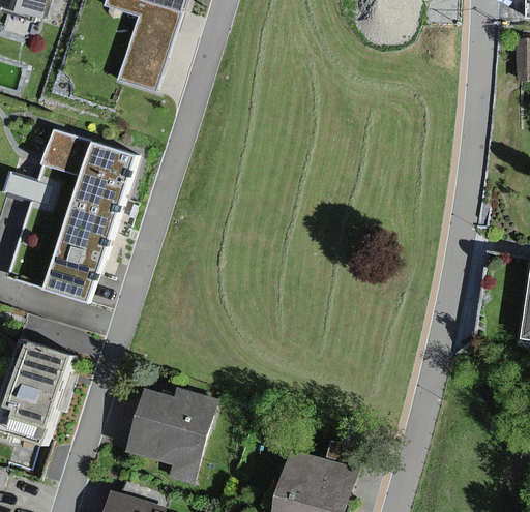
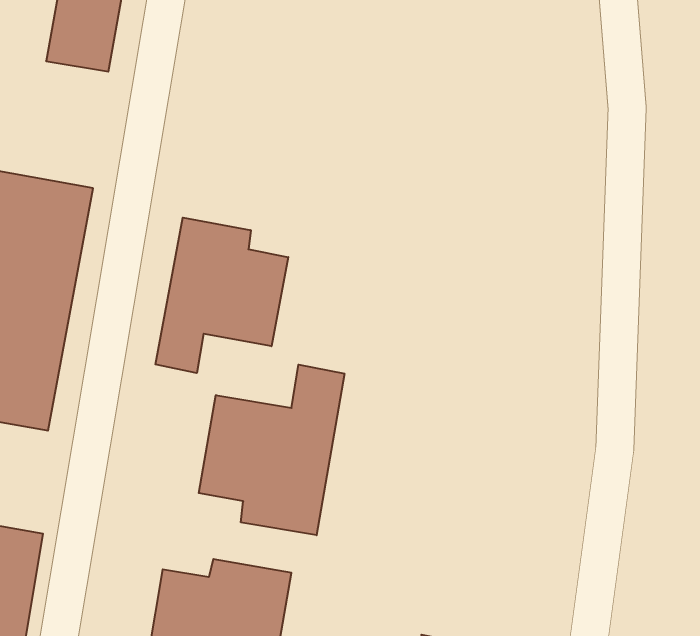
building: none -> [155,218,288,373]
building: none -> [199,365,344,535]

